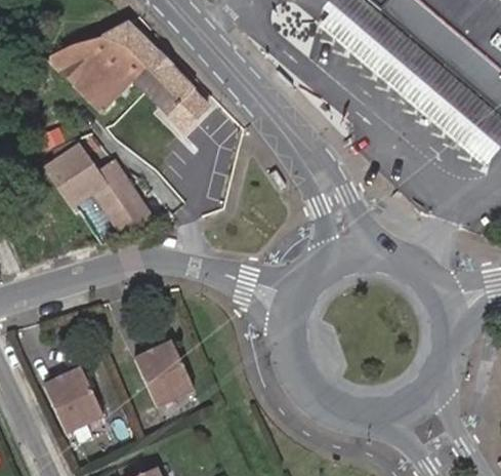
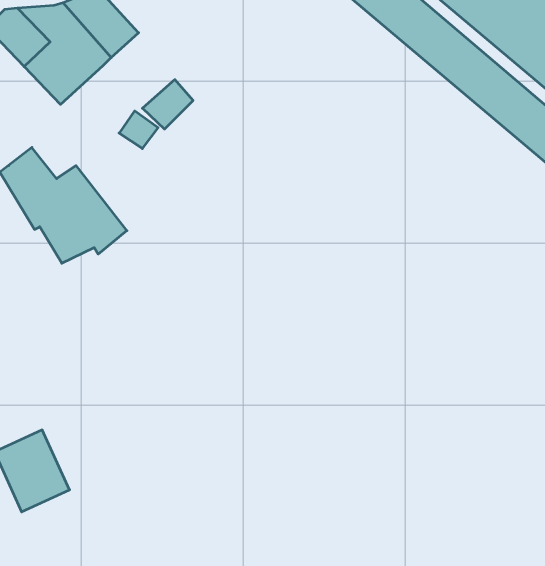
building: [132,55,192,115] -> none
building: [137,342,197,406] -> none

